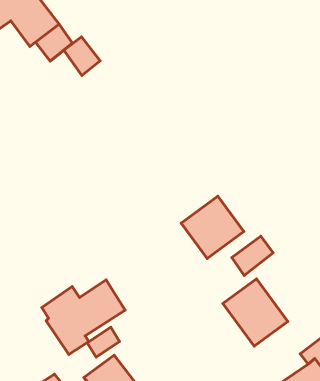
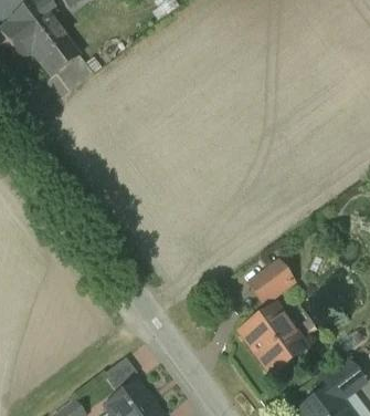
building: [64,37,100,75] -> none
building: [181,196,244,258] -> none
building: [42,280,125,354] -> none

